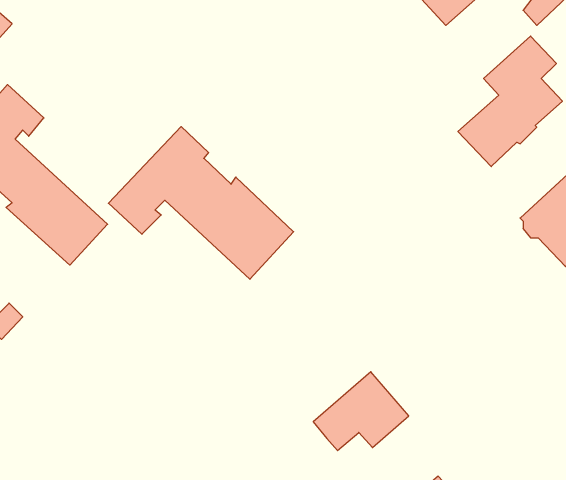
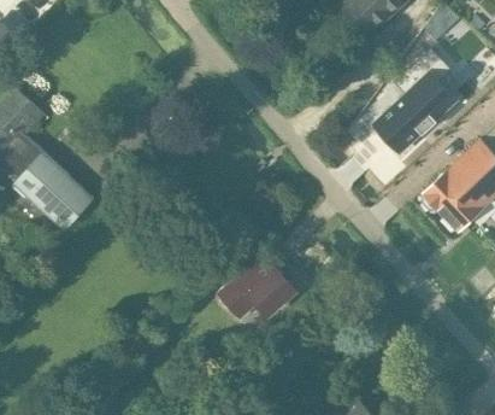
building: [108,127,294,279] -> none
building: [313,372,409,451] -> [219,255,295,317]

